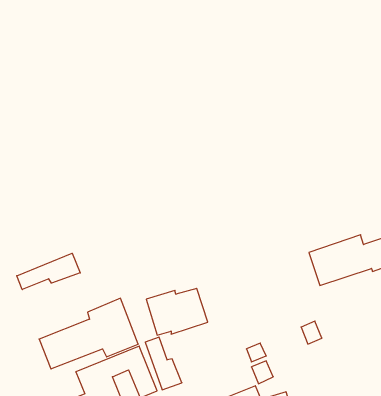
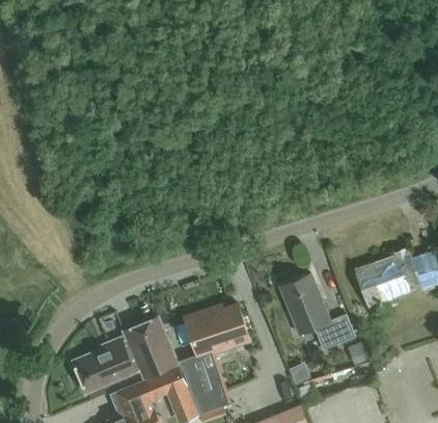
building: [17,253,80,290] -> none
building: none -> [278,271,354,348]

